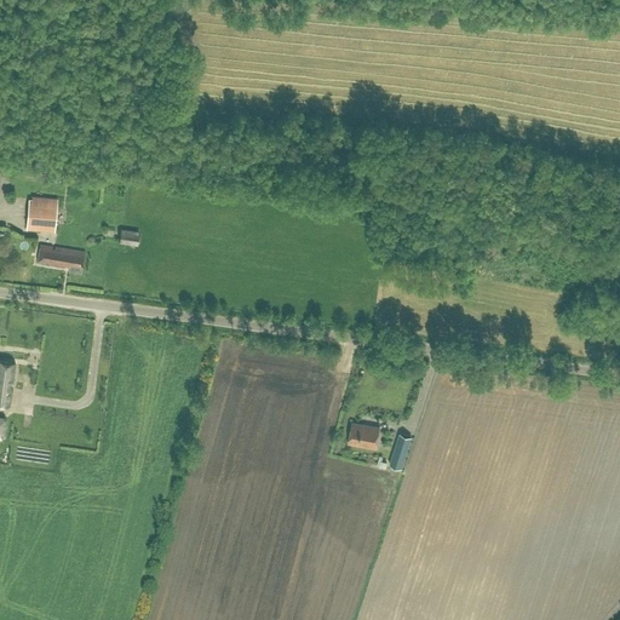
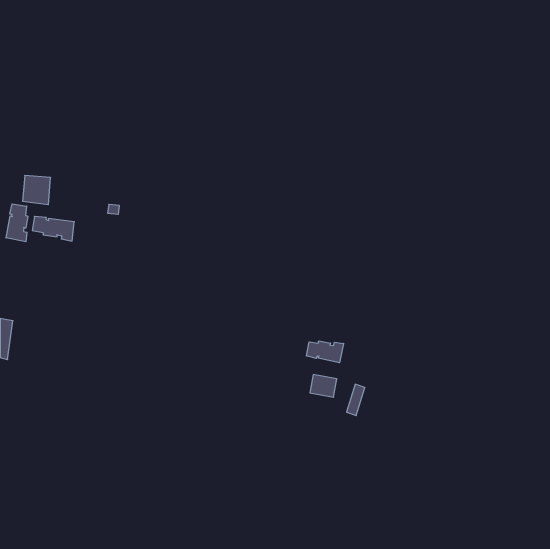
building: none -> [6,204,28,242]
building: none -> [307,341,344,363]

